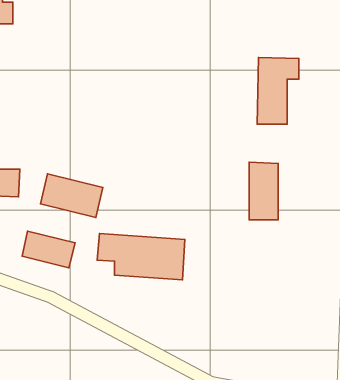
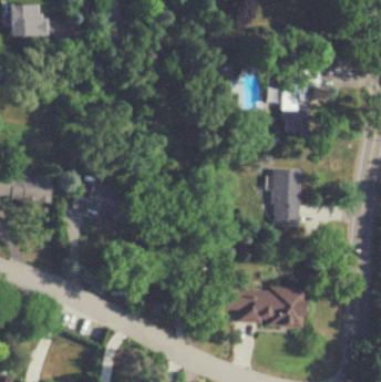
building: [22,231,75,268] -> none
building: [97,234,185,280] -> [222,285,306,329]

